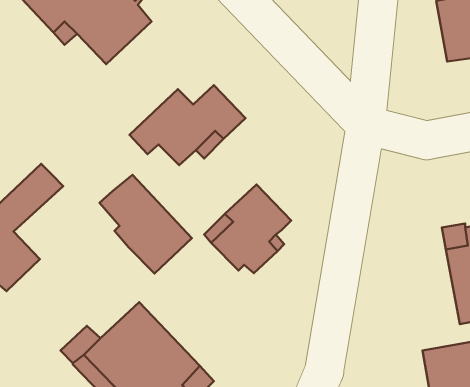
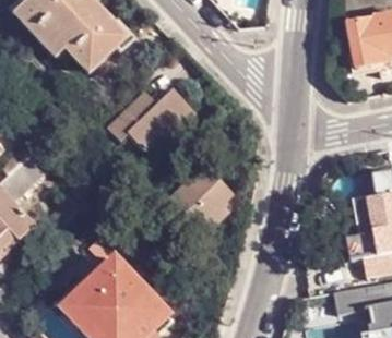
building: [99,175,192,273] -> none

